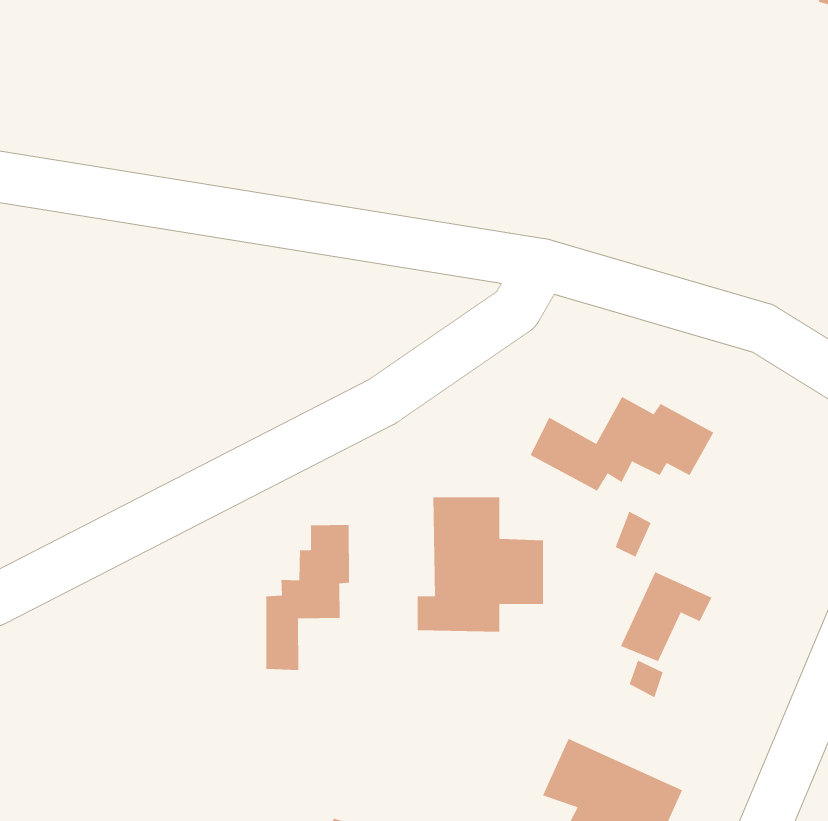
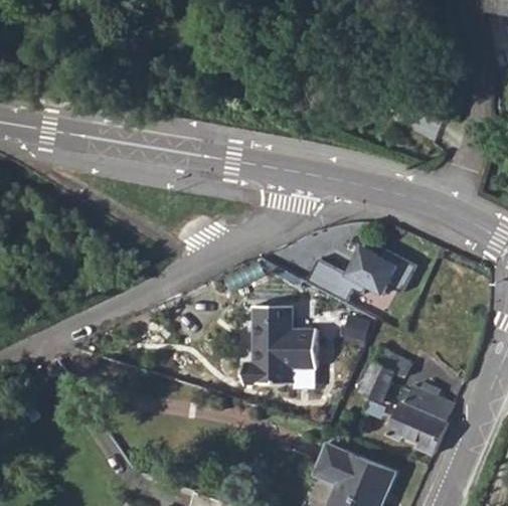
building: [266,524,350,671] -> none
building: none -> [385,383,455,453]

